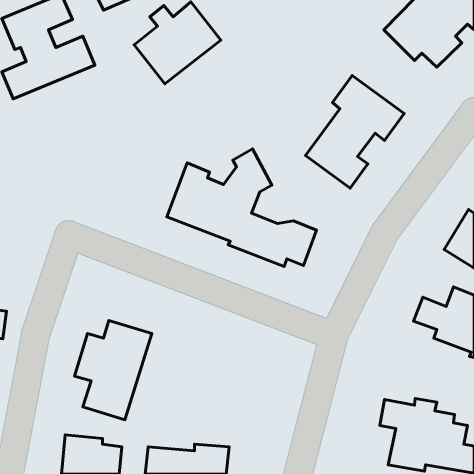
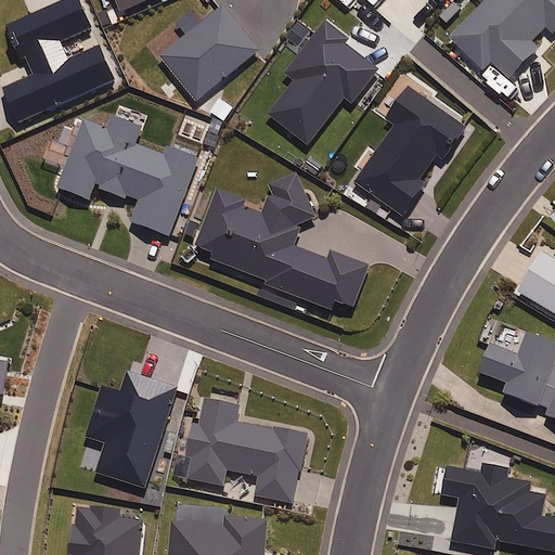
building: none -> [266,14,372,138]
building: none -> [57,104,198,236]
building: none -> [186,400,308,504]

